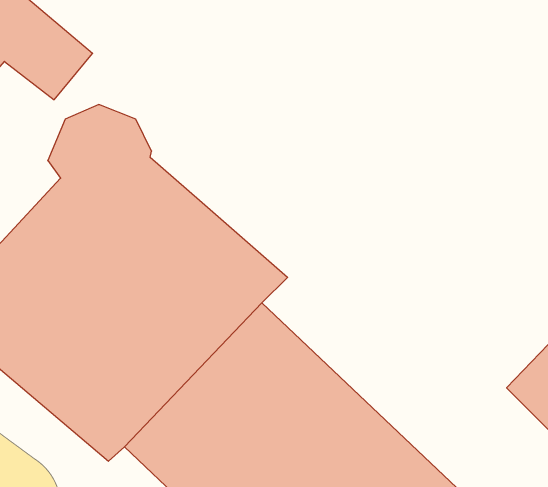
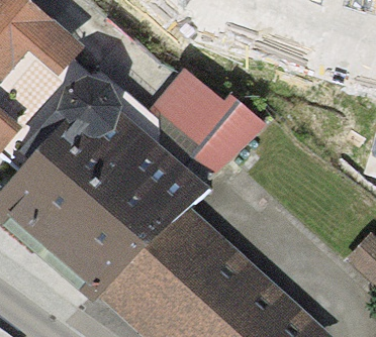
building: none -> [151,67,265,163]

